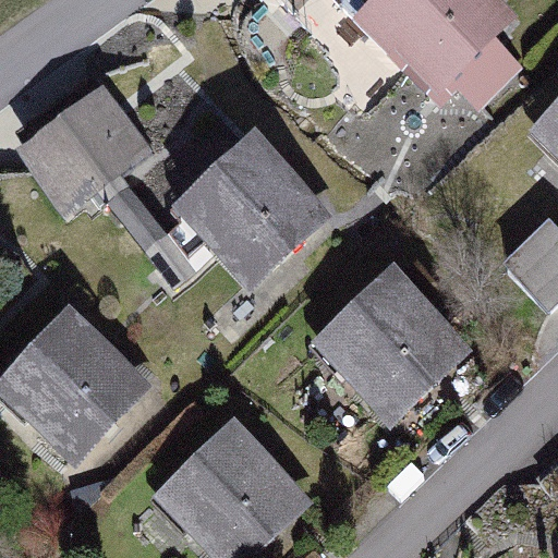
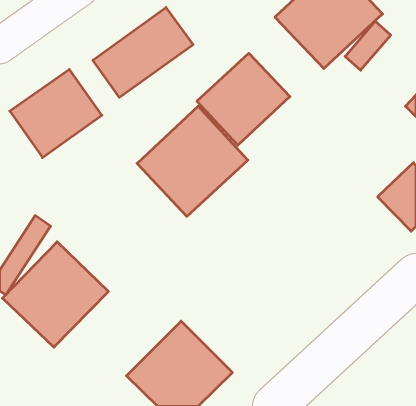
building: none -> [93,7,193,97]
building: none -> [197,53,290,145]
building: [319,271,472,423] -> none

